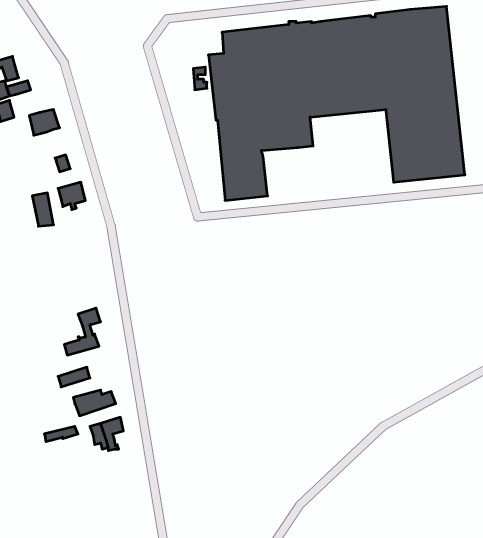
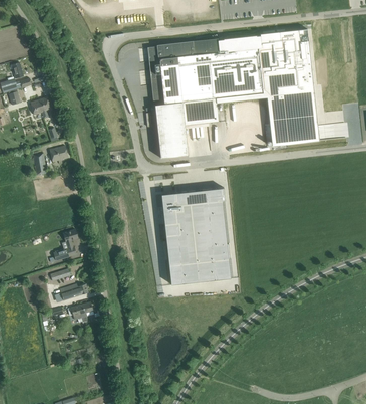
building: none -> [160,188,230,284]

